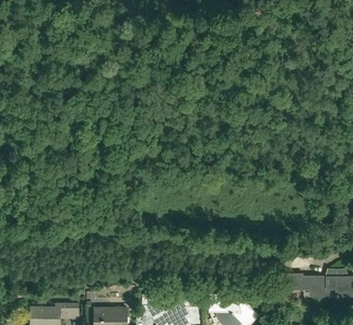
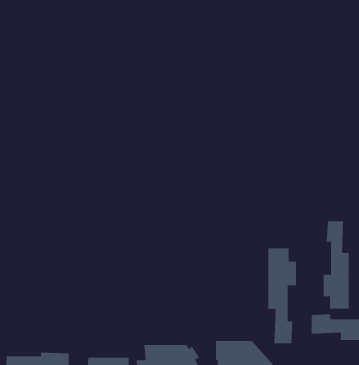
building: none -> [323,220,349,310]
building: none -> [268,247,296,344]

